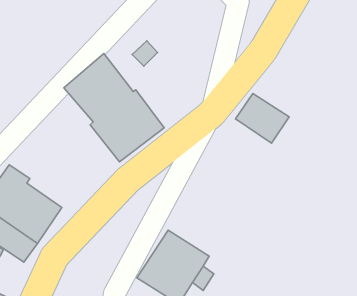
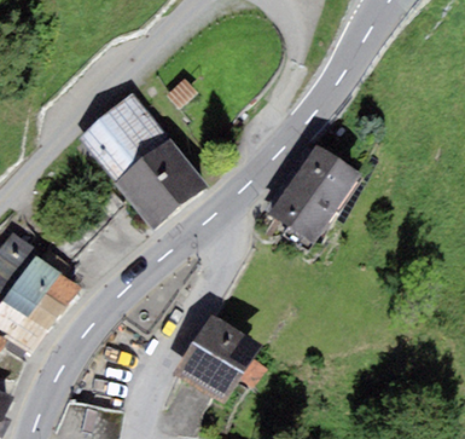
building: none -> [268,175,338,243]

